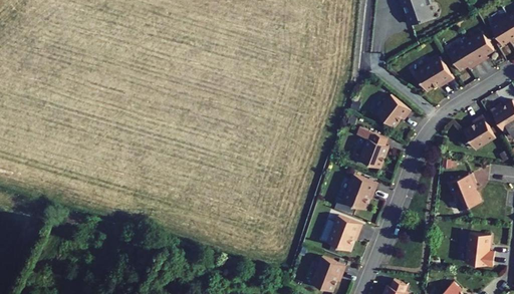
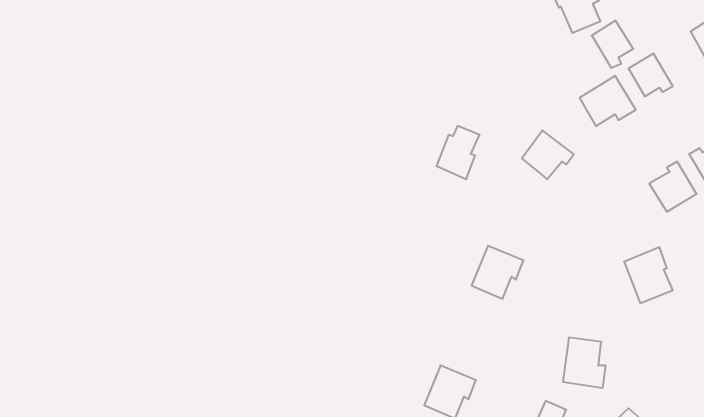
building: [467,32,495,64] -> [592,21,633,68]
building: [360,131,390,168] -> [437,126,480,179]
building: [328,214,363,249] -> none
building: [464,233,493,267] -> [563,338,606,388]

